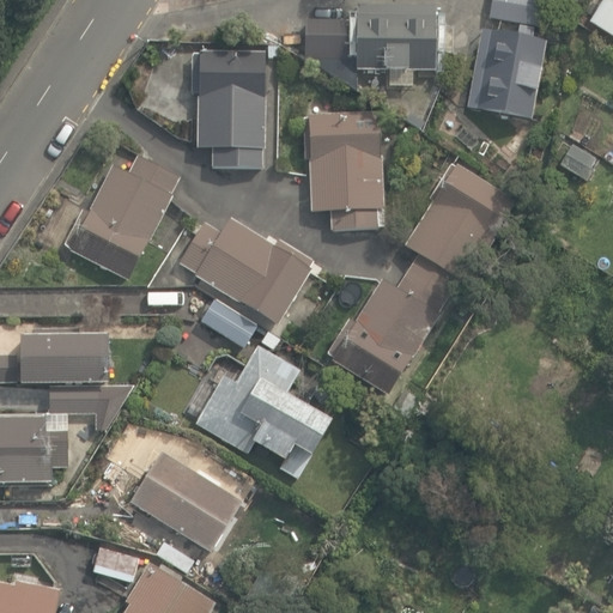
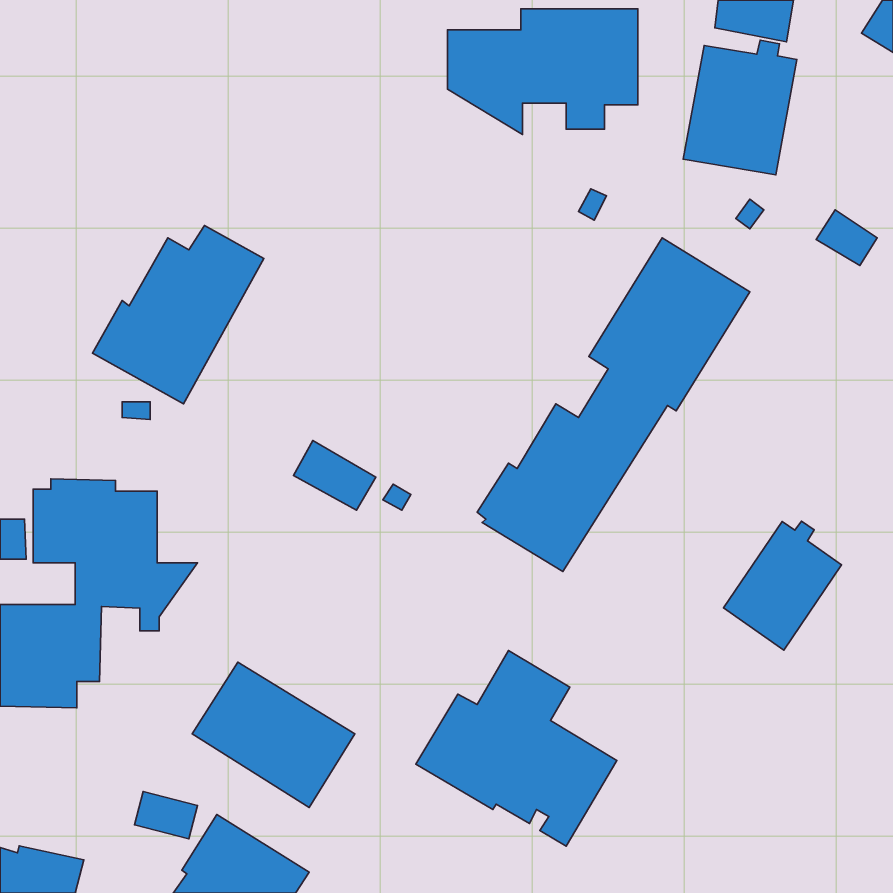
building: [194,54,266,169] -> none
building: [310,114,386,231] -> none
building: [178,217,311,321] -> none
building: [193,342,330,477] -> [416,650,617,846]
building: none -> [723,521,842,650]

